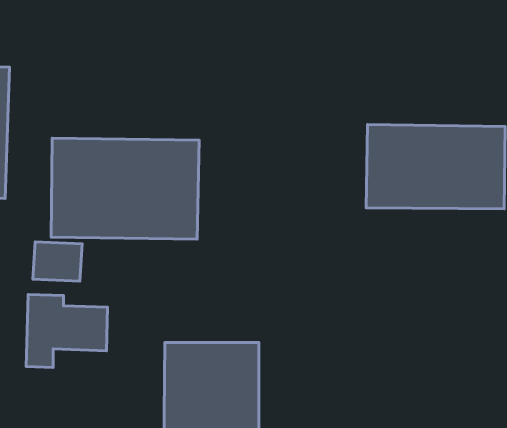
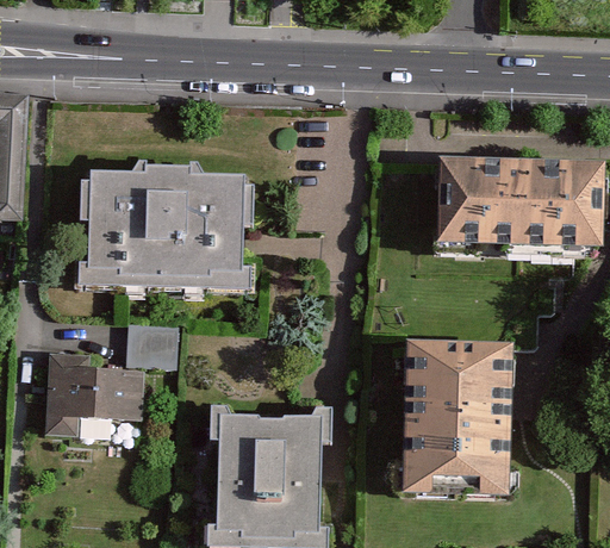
building: [33,242,82,281] -> [123,323,179,368]
building: none -> [403,340,511,494]

